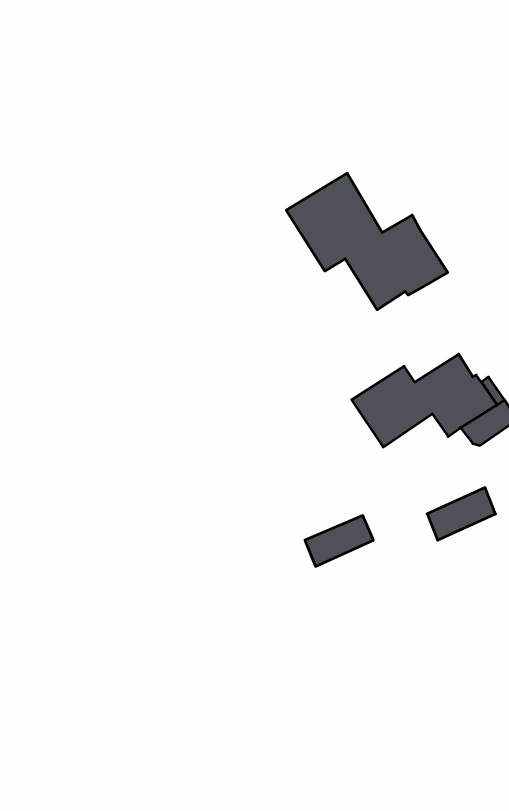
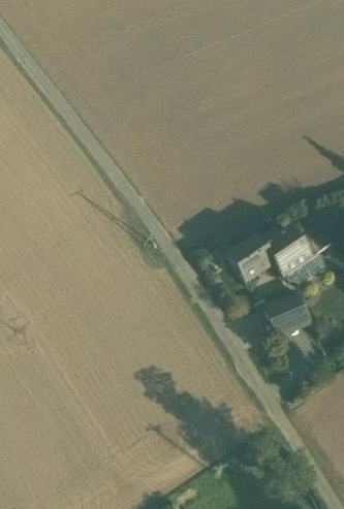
building: [286,173,448,310] -> none
building: [305,516,373,566] -> [264,290,305,320]

